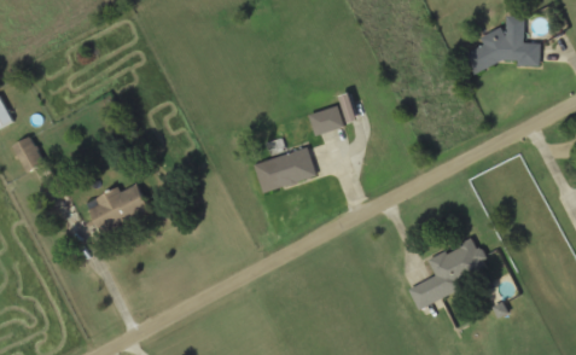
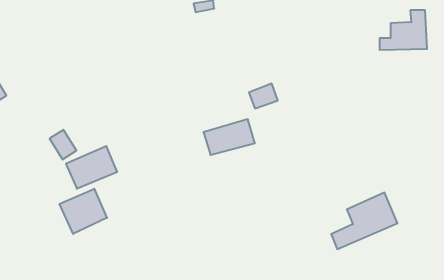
building: [12,136,45,173] -> [50,130,76,159]
building: none -> [60,189,107,234]

